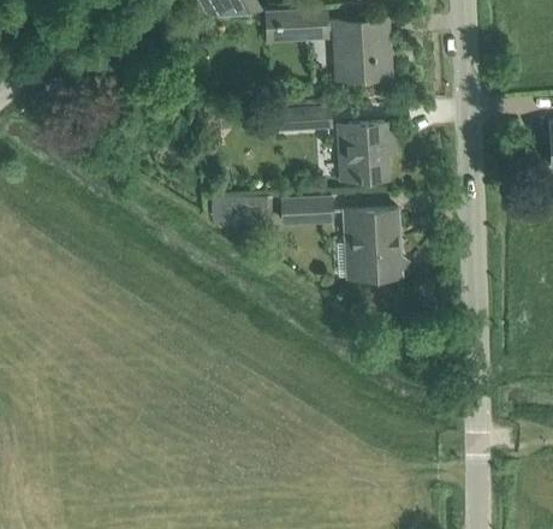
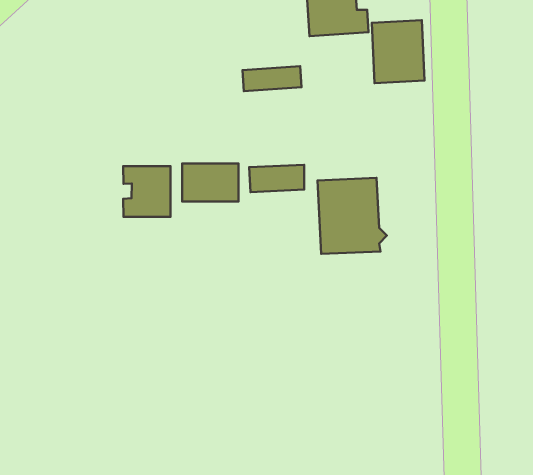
building: [339,124,387,182] -> [372,20,424,83]
building: none -> [123,166,171,217]

